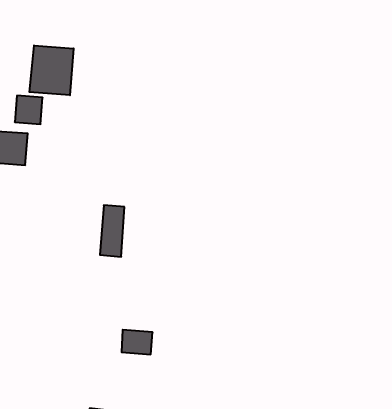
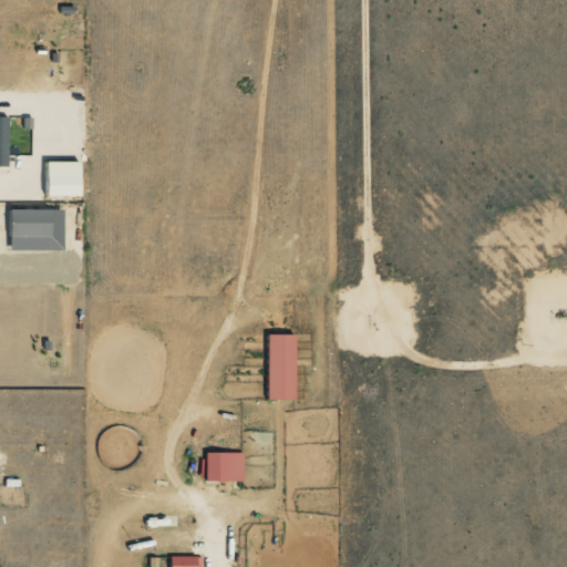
building: [29,45,74,95] -> none
building: [100,205,124,257] -> [269,336,297,400]

